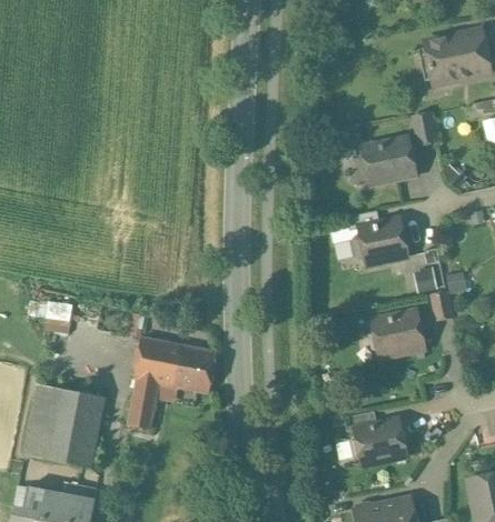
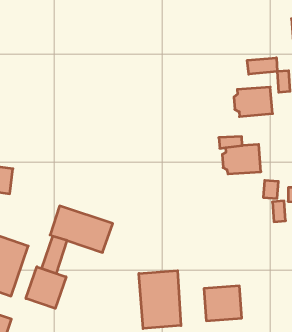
building: none -> [247,58,277,74]
building: [368,311,424,357] -> none
building: none -> [139,271,181,329]
building: none -> [26,267,66,308]

